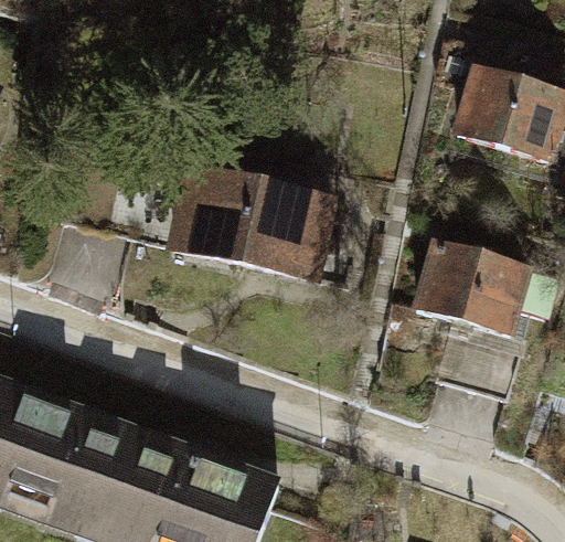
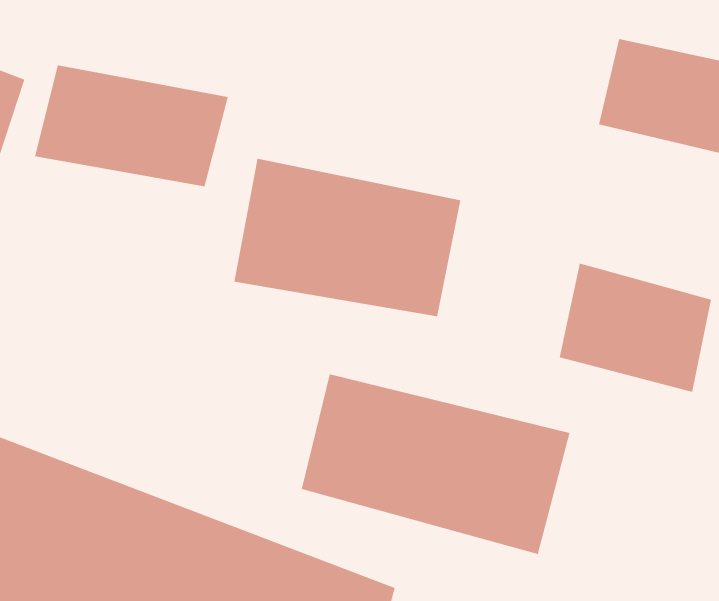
building: none -> [35,64,228,187]
building: none -> [301,374,570,555]

